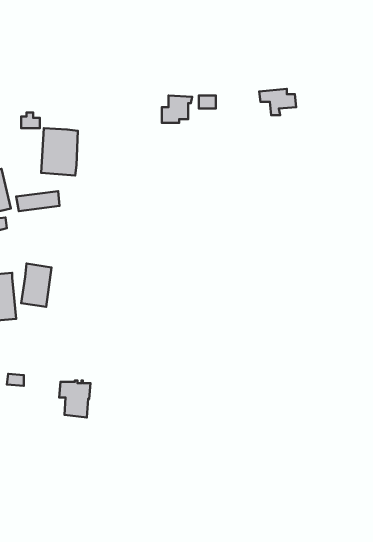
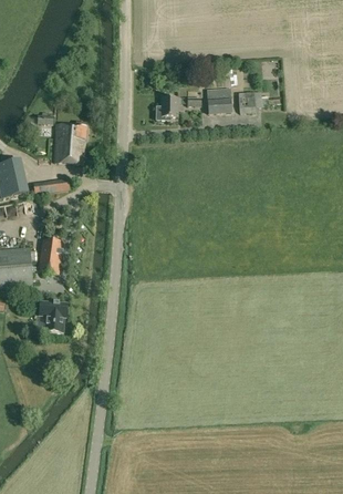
building: none -> [207,88,232,114]
building: [59,381,91,417] -> [40,301,66,332]

